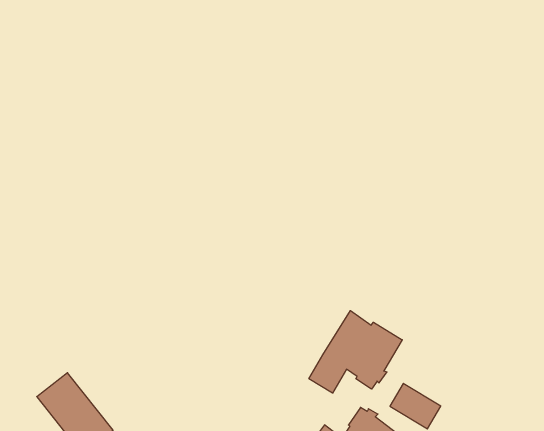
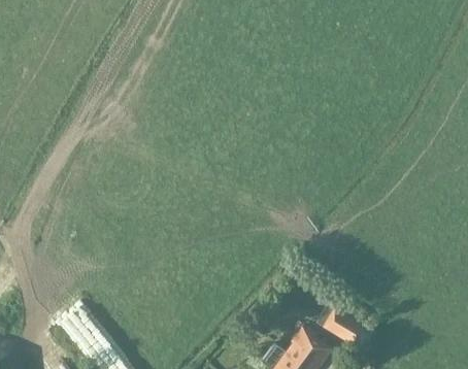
building: [309,311,402,393] -> none

